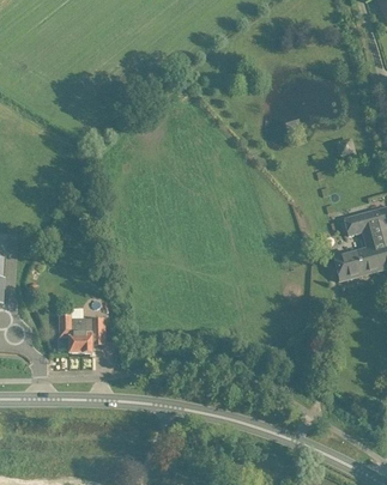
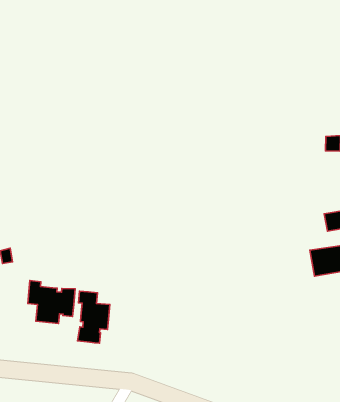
building: none -> [78,291,110,343]

